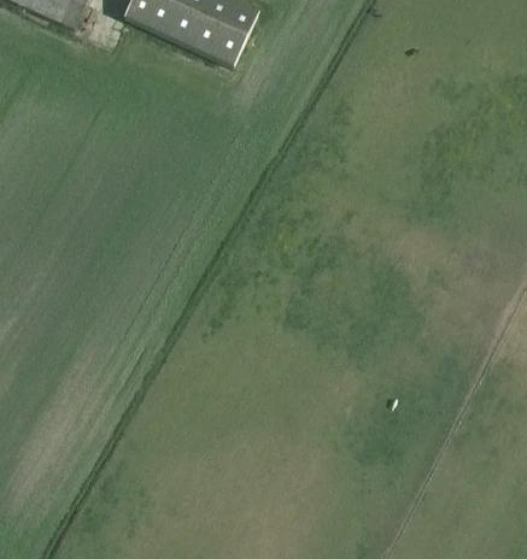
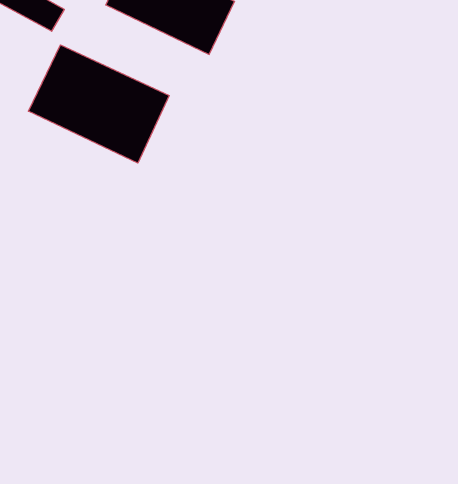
building: none -> [28,45,169,163]

